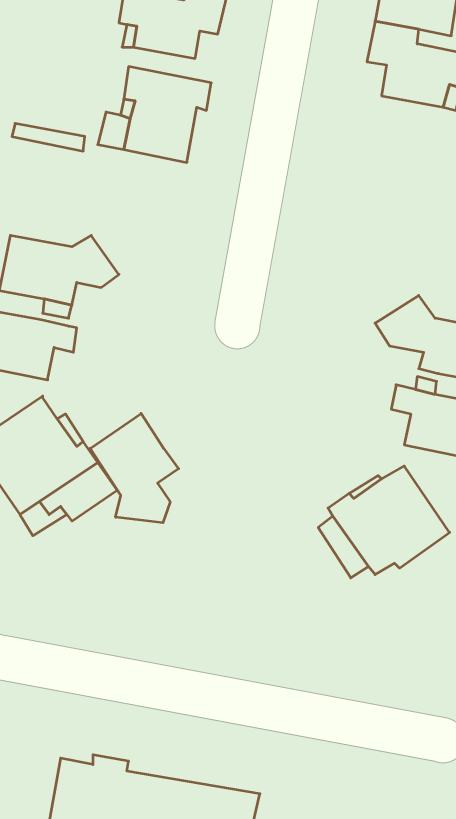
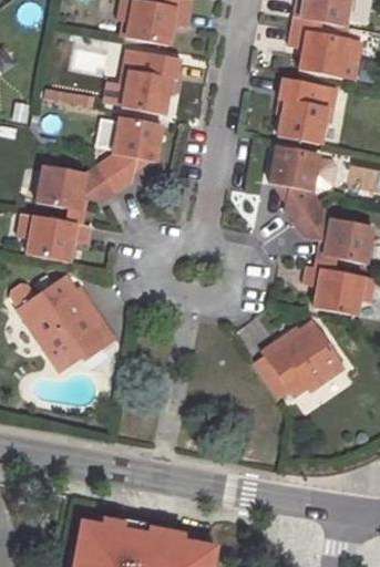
building: none -> [278,78,339,143]
building: none -> [100,115,163,190]
building: none -> [271,146,323,224]
building: [90,413,179,523] -> none

